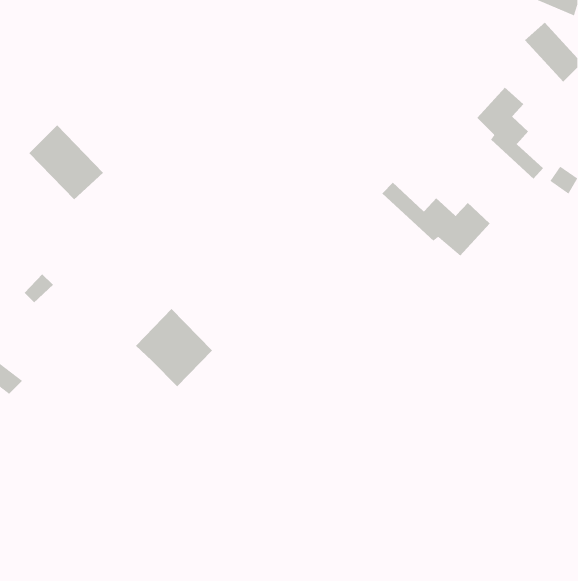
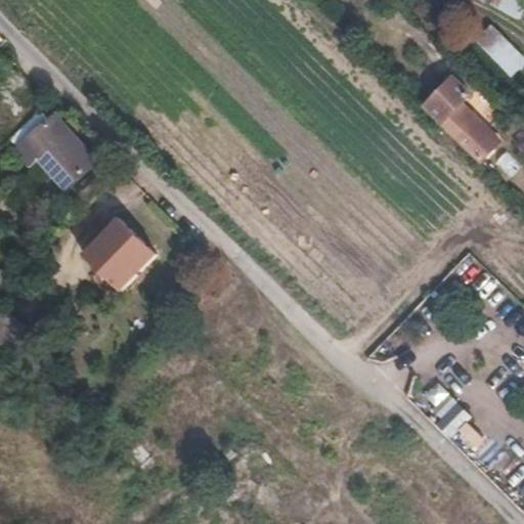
building: [381,182,490,257] -> none
building: [135,308,213,387] -> [83,215,152,286]

